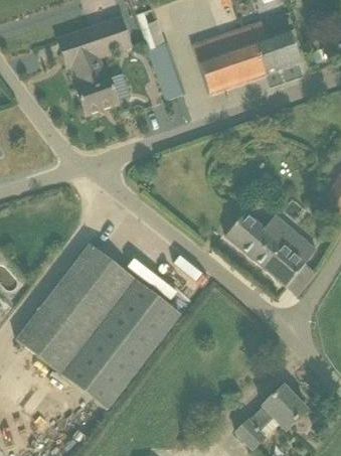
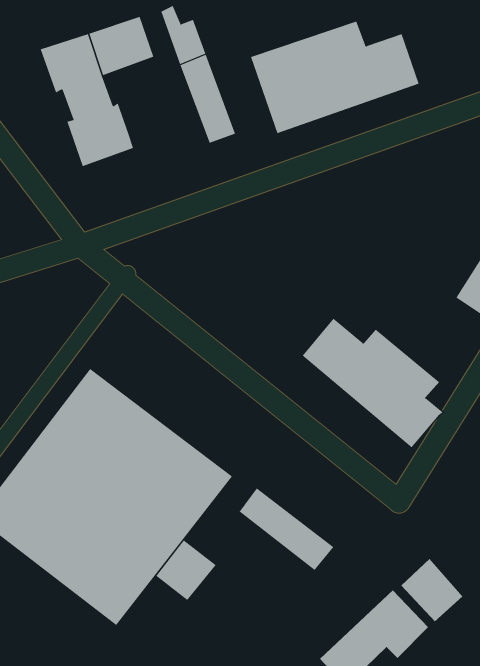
building: none -> [239,487,334,571]
building: none -> [156,540,217,601]
building: none -> [400,558,463,622]

